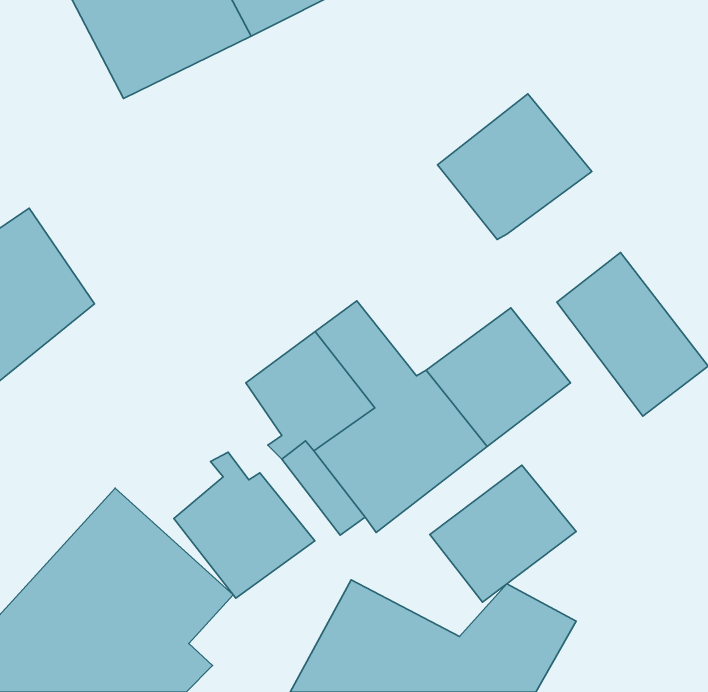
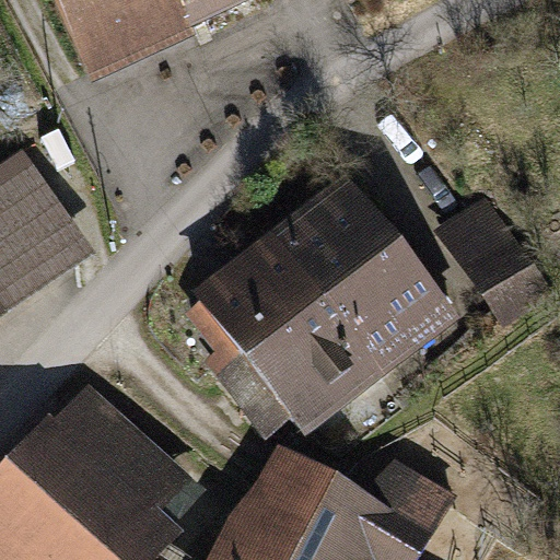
building: [438,94,592,240] -> [281,182,402,296]
building: [174,452,315,598] -> none
building: [430,465,576,602] -> none

